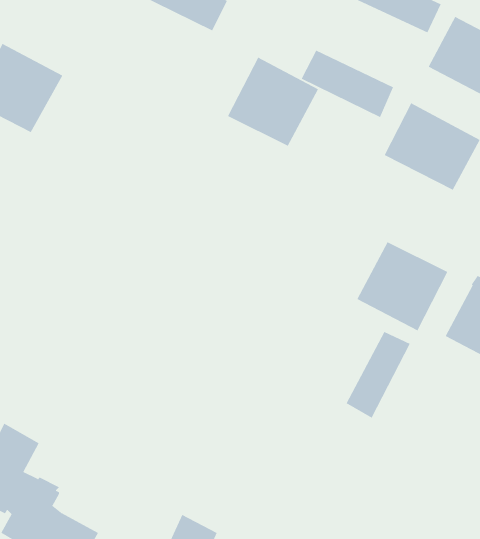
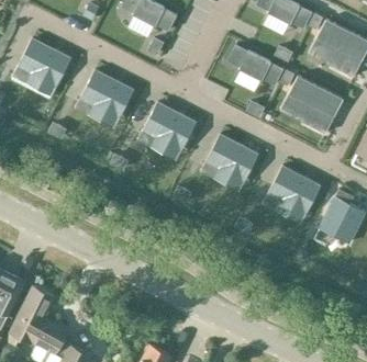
building: [227,57,319,147] -> [136,102,196,160]
building: none -> [76,70,134,127]
building: none -> [200,134,258,192]
building: [346,331,410,418] -> none

